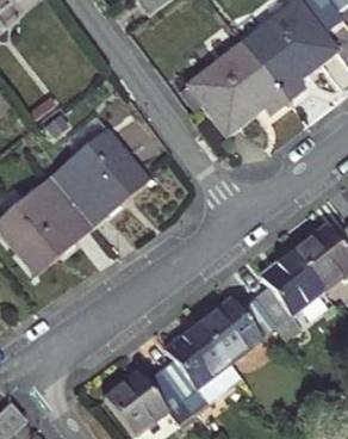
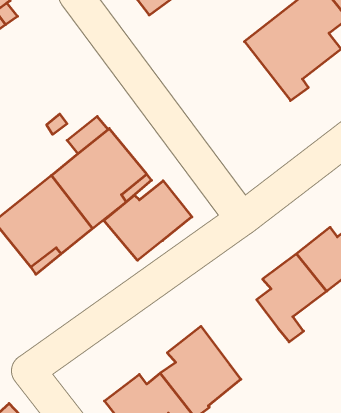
building: [185,42,287,136] -> none
building: none -> [104,181,192,260]
building: [199,297,275,361] -> none

